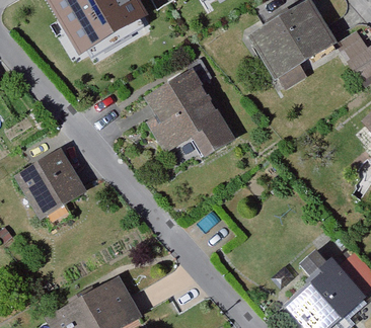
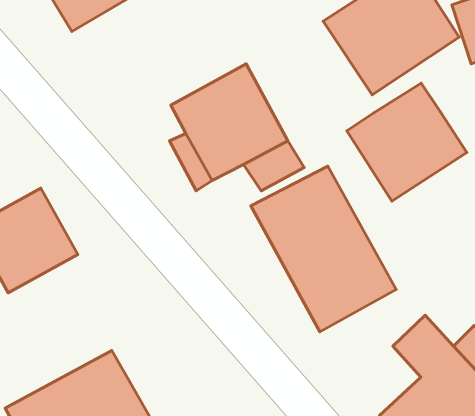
building: none -> [347,83,467,201]
building: none -> [251,166,396,332]

